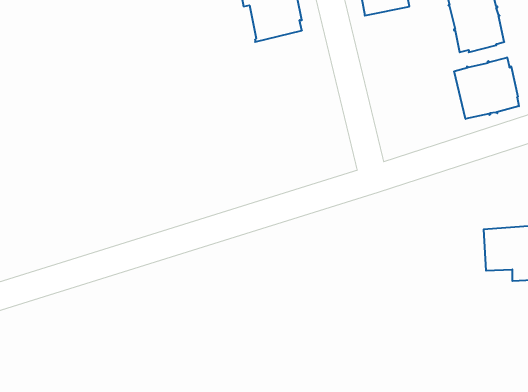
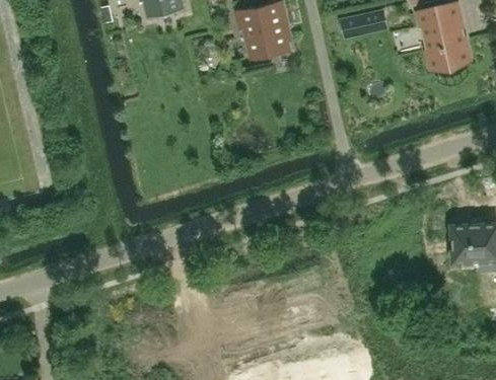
building: [454,57,519,119] -> none

